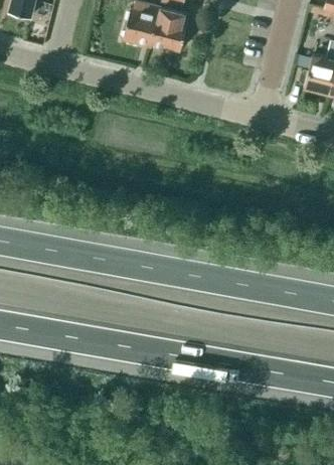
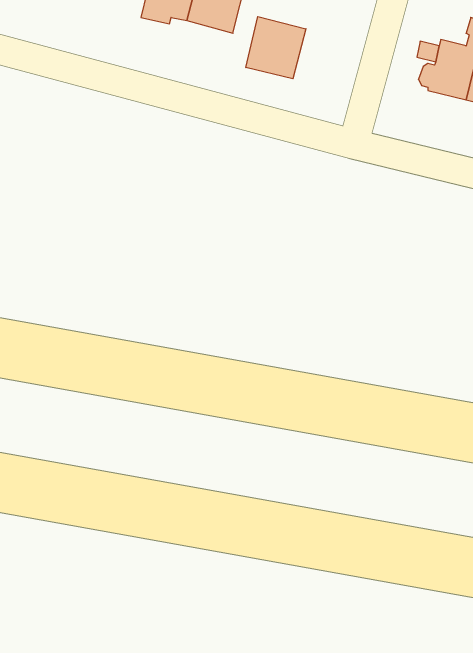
building: none -> [246,17,306,79]

